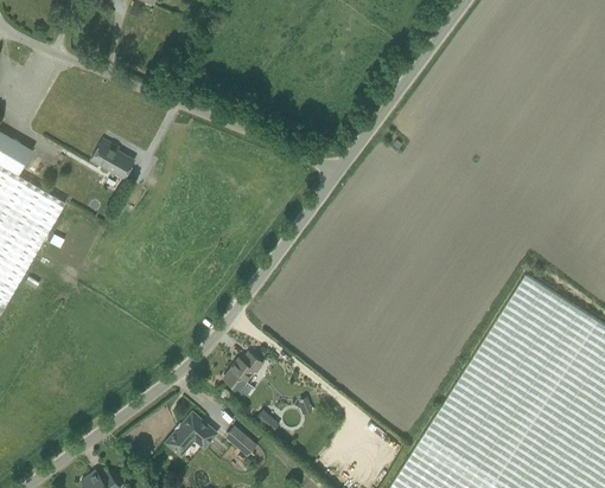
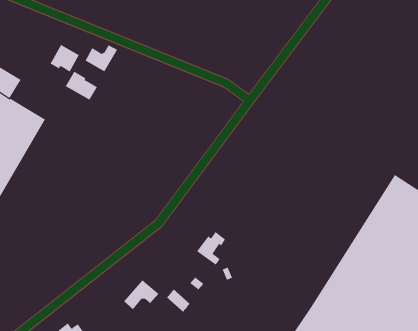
building: none -> [50,44,80,72]
building: none -> [85,45,118,72]
building: [223,352,262,397] -> [196,231,226,265]

